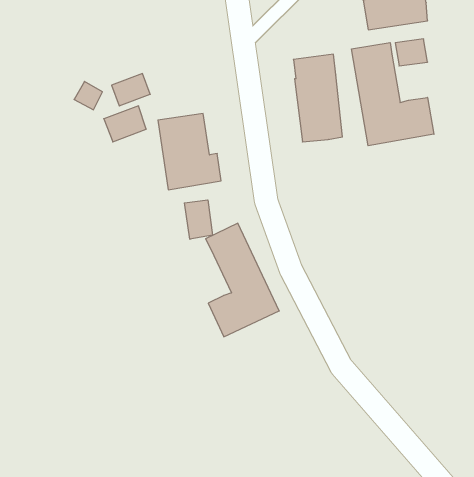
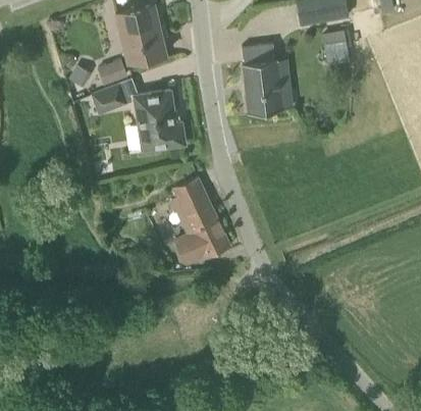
building: none -> [116,5,166,64]
building: [352,43,434,146] -> none
building: [184,200,213,239] -> none

